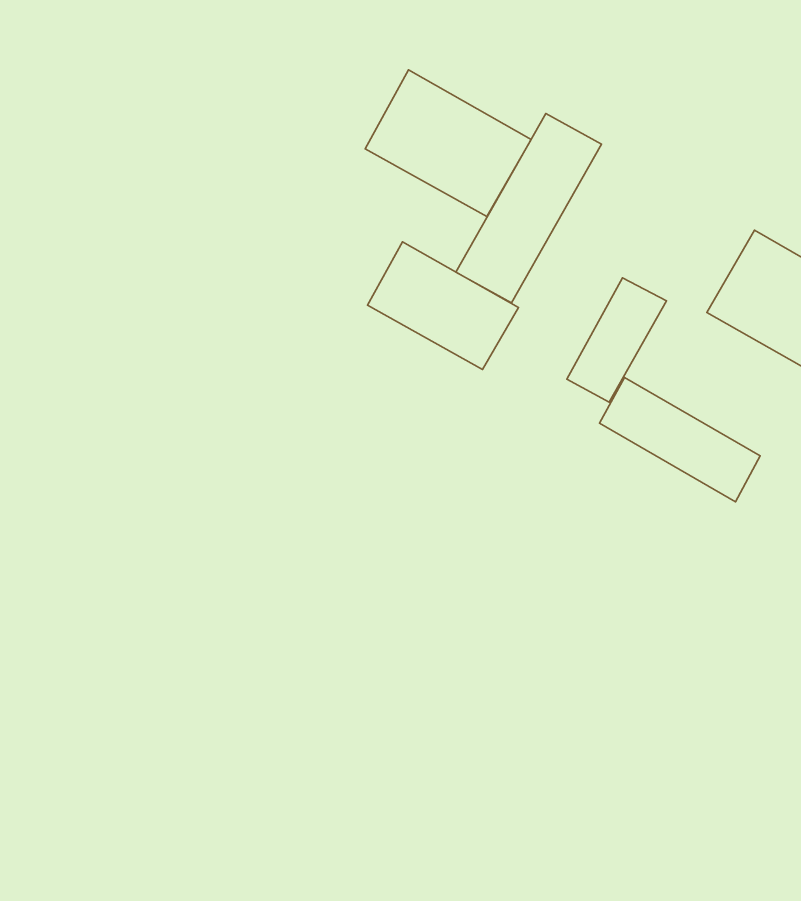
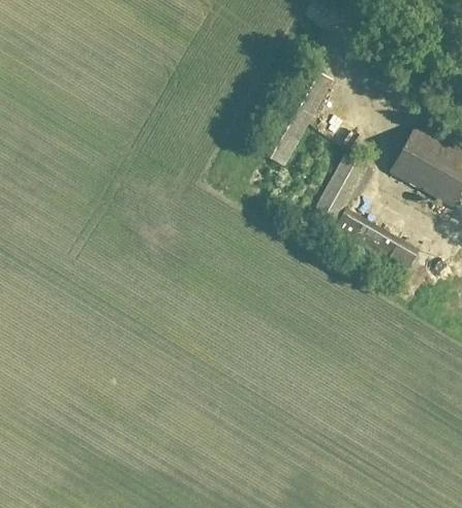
building: [365,70,531,217] -> none
building: [368,242,518,370] -> none

